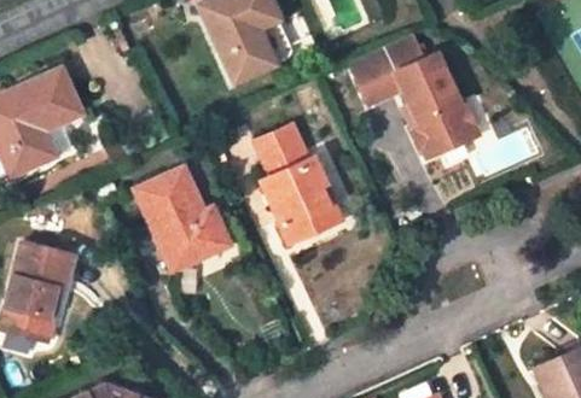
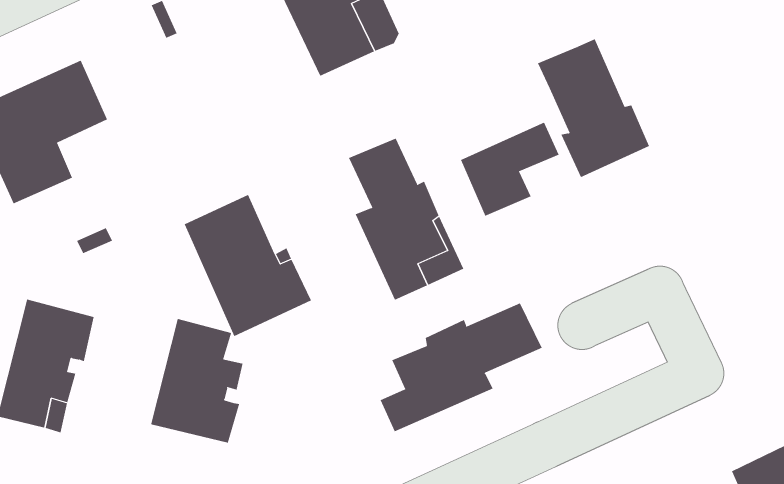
building: [350,36,423,105] -> [460,122,560,216]
building: none -> [380,303,543,432]
building: none -> [150,318,243,443]

